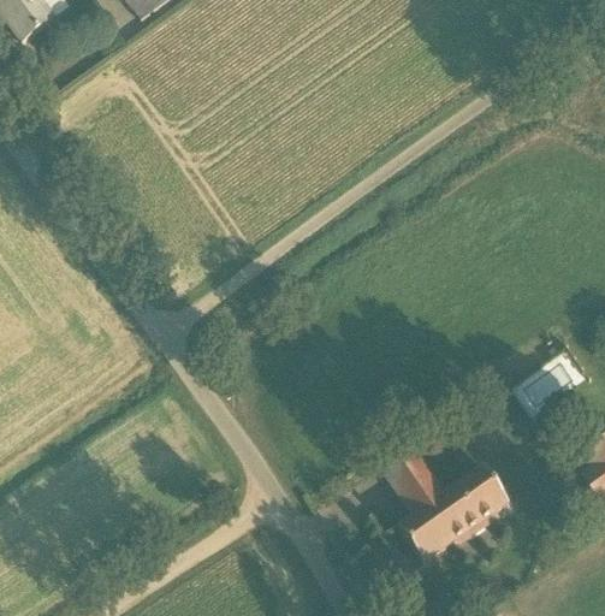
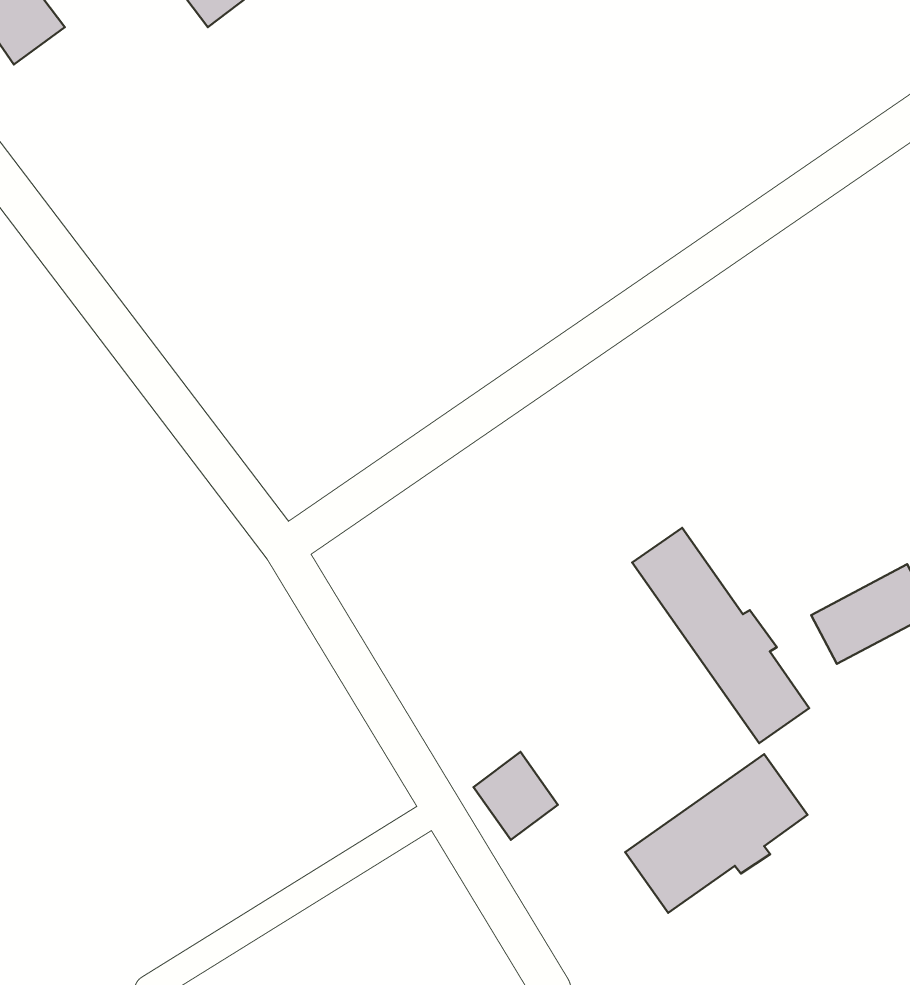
building: none -> [632,528,809,743]
building: [382,444,434,498] -> [474,752,558,840]

